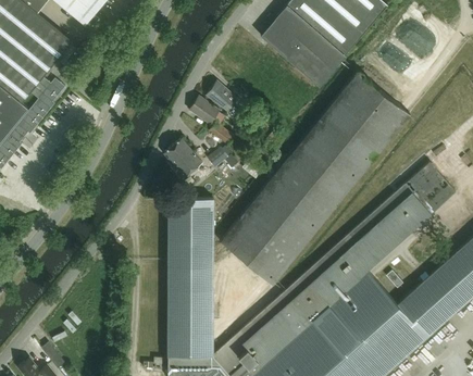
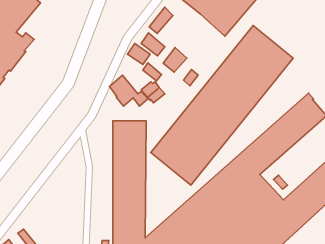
building: none -> [149,7,173,33]
building: none -> [163,48,187,72]

